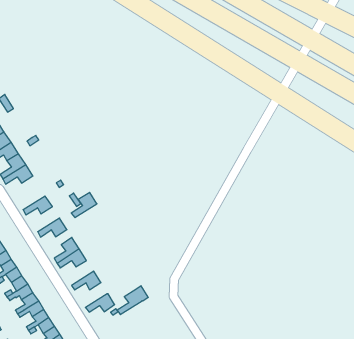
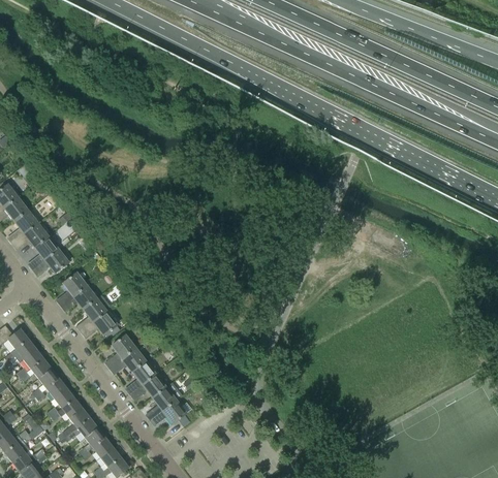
building: none -> [57,273,87,306]
building: [71,192,97,218] -> [76,298,107,331]
building: none -> [126,361,156,394]
building: [117,286,148,315] -> [146,382,183,420]

